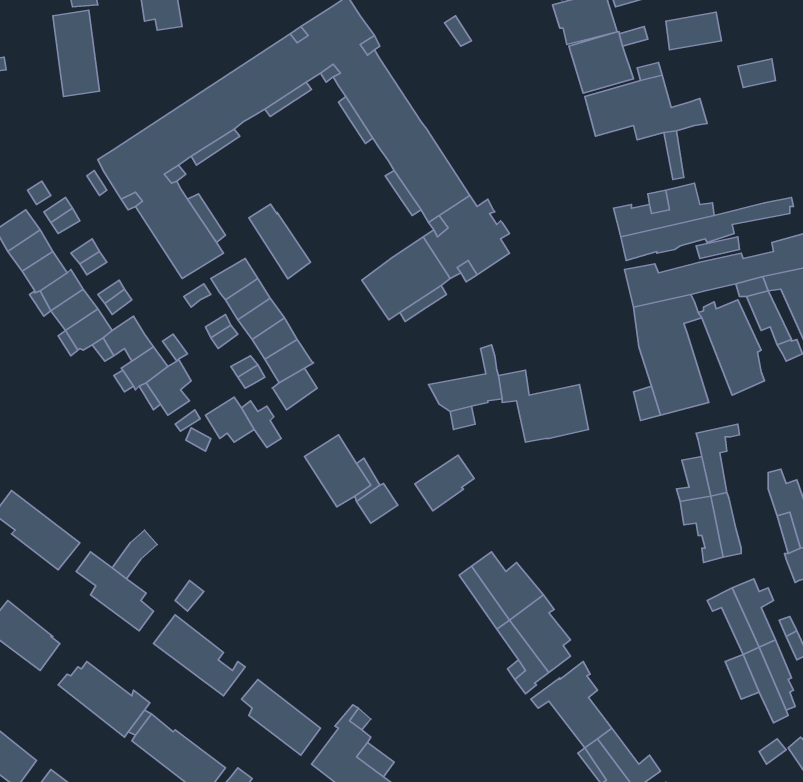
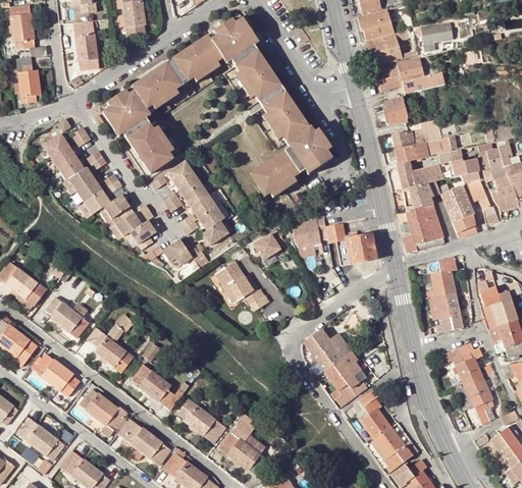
building: none -> [383,96,408,125]
building: [249,204,311,279] -> none
building: [415,455,474,511] -> [254,231,288,263]

